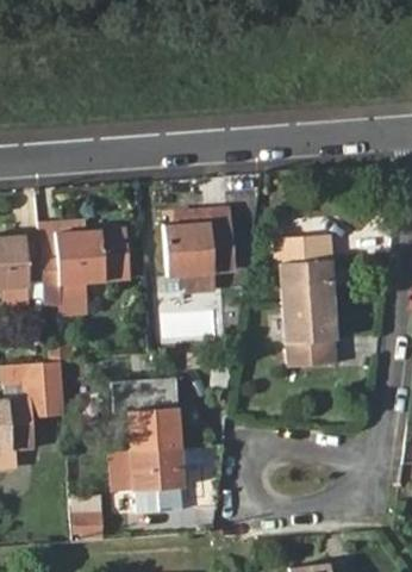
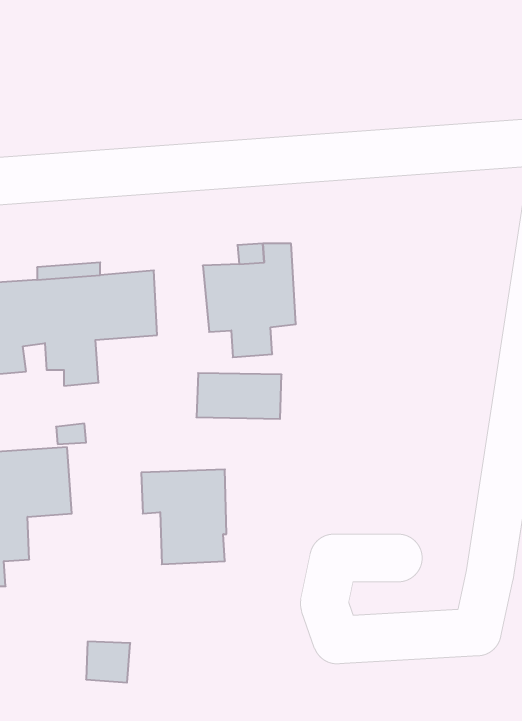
building: [279,236,337,367] -> none
building: [107,448,182,514] -> none

